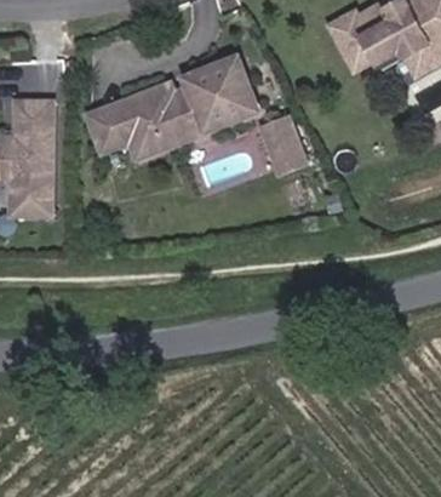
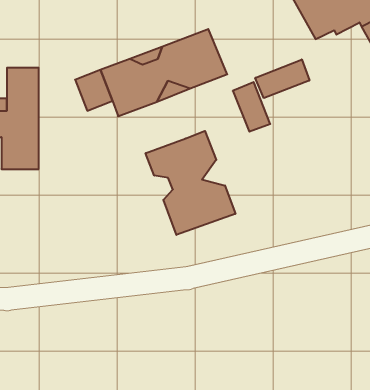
building: none -> [255,59,309,98]
building: none -> [146,131,235,235]

